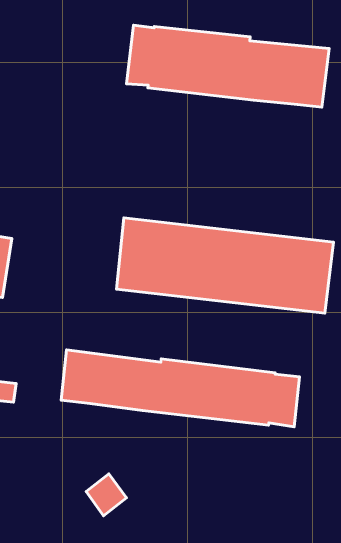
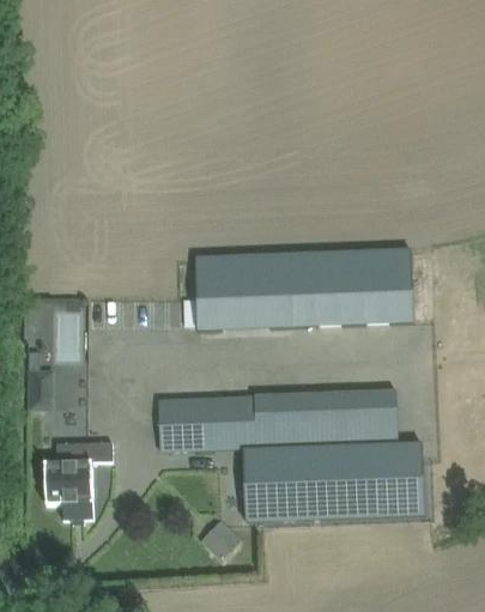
building: [126,25,329,107] -> none
building: none -> [244,441,424,521]

